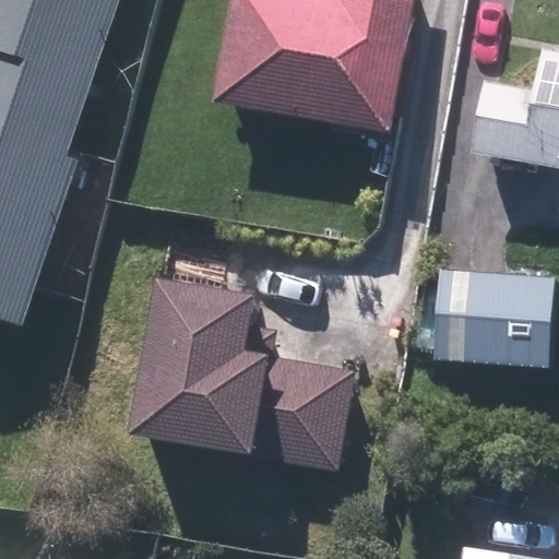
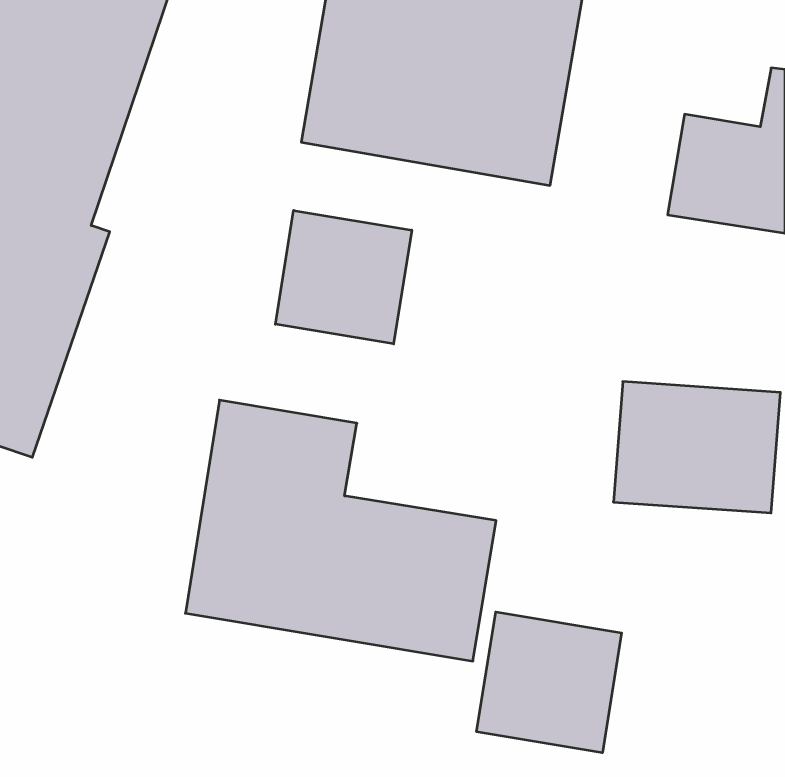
building: none -> [275,210,412,344]
building: none -> [477,612,622,753]

